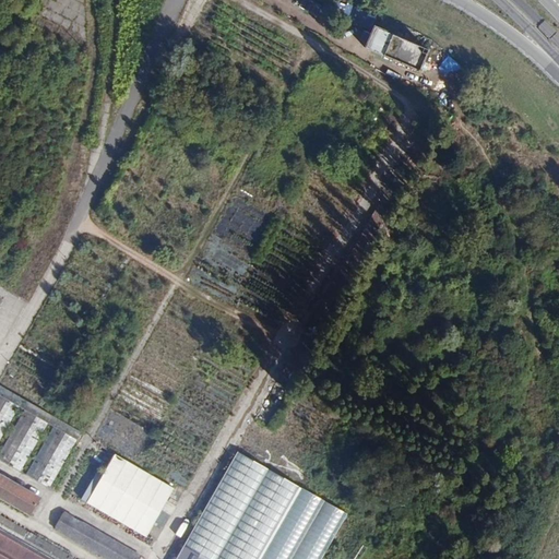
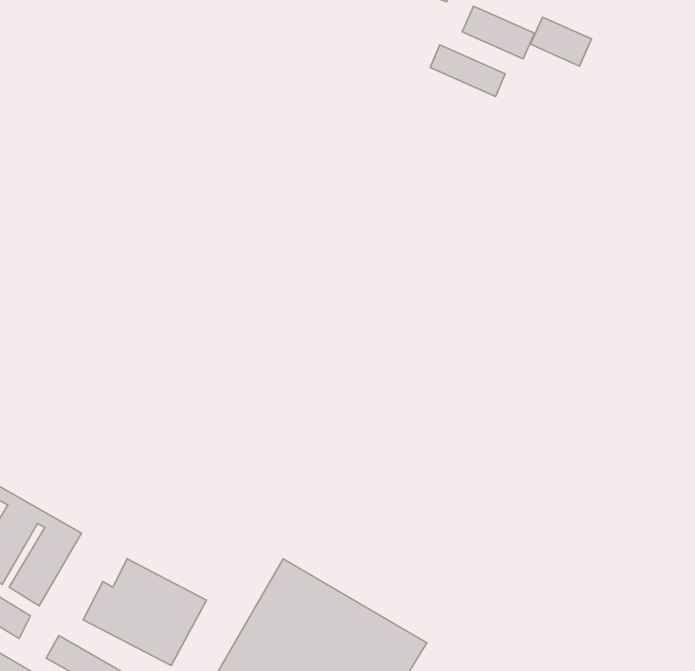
building: none -> [531,17,592,66]
building: none -> [430,45,505,96]

